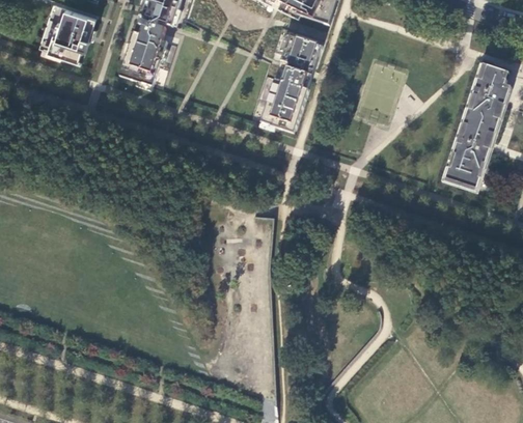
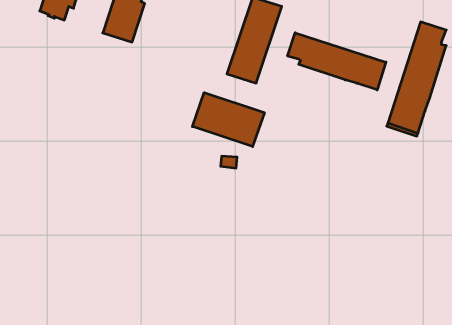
building: none -> [288,33,386,90]
building: none -> [192,93,264,147]

